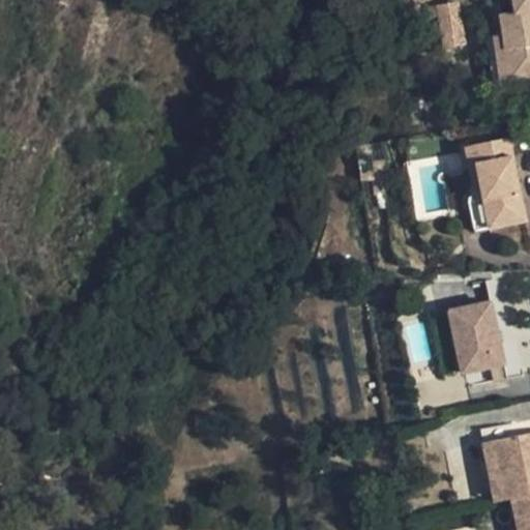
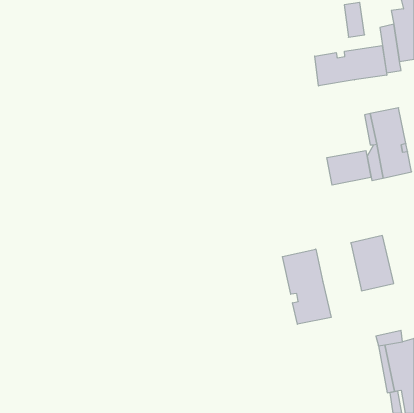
building: none -> [315,46,387,86]
building: none -> [327,151,371,185]
building: none -> [282,249,331,324]

